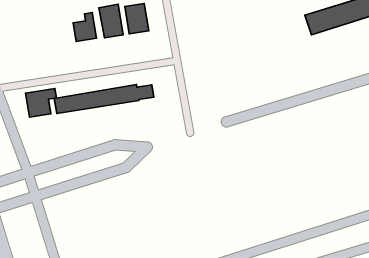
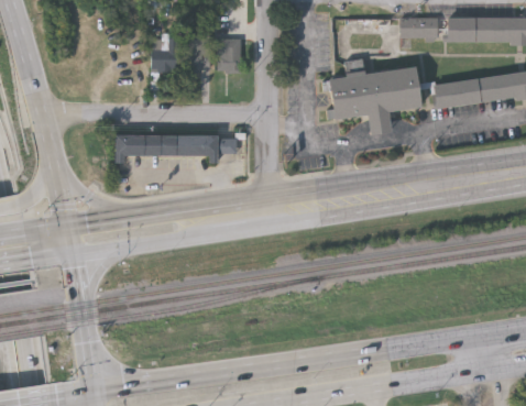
building: none -> [329,67,421,136]
building: [26,88,56,117] -> none

